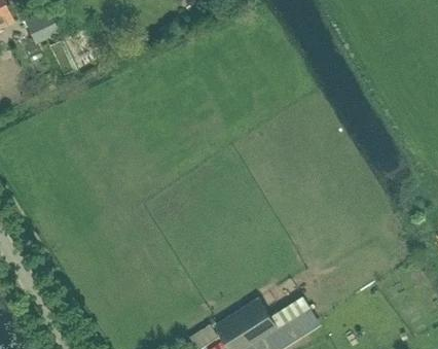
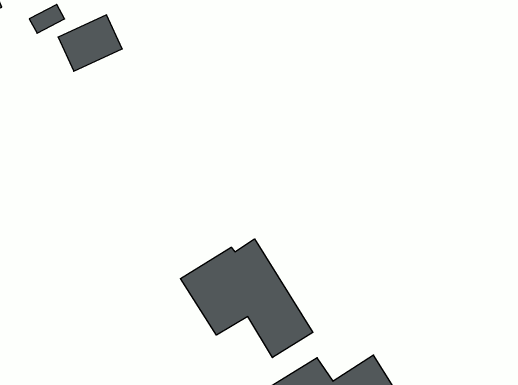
building: none -> [180,239,313,358]

